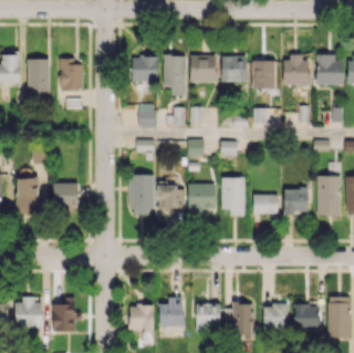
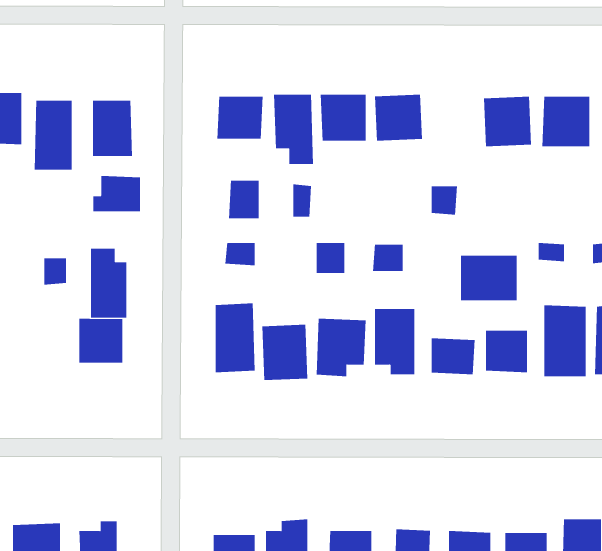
building: [252,60,275,89] -> none
building: none -> [93,175,140,212]
building: none -> [461,255,517,301]
building: [18,169,39,209] -> [90,248,127,318]

